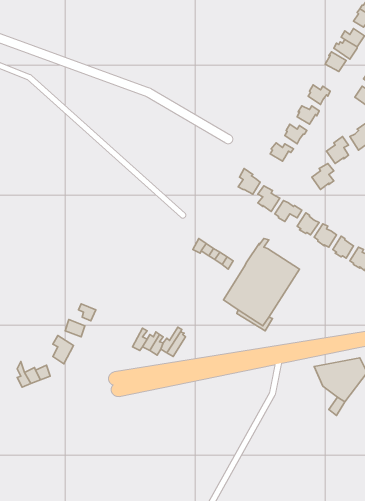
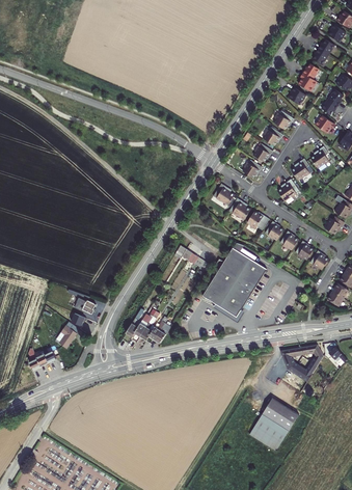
building: none -> [247,398,298,452]

